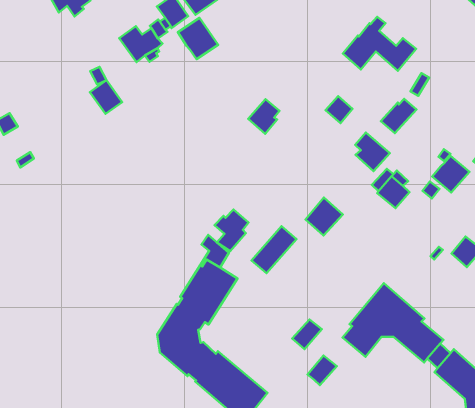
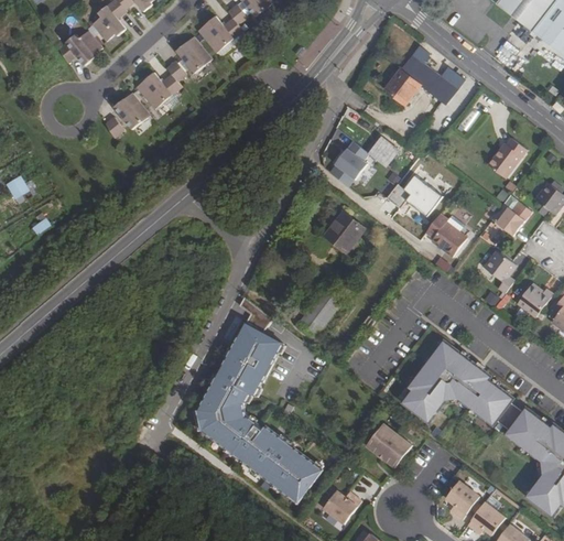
building: [178,18,218,59] -> none
building: [90,80,122,114] -> [116,94,152,131]
building: [381,99,416,133] -> [487,138,525,176]
building: [248,99,280,134] -> [334,140,368,178]
building: [306,198,343,235] -> [324,209,365,251]
building: none -> [484,249,516,292]
building: [214,209,249,251] -> none
building: [292,320,322,349] -> [380,434,412,467]

